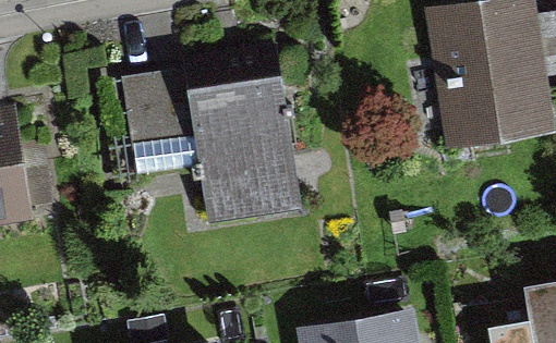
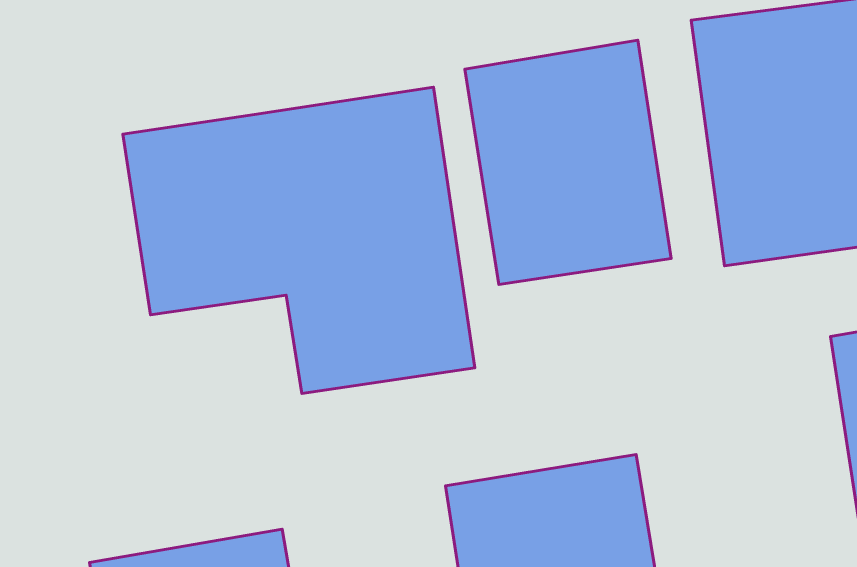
building: none -> [465,40,671,284]

